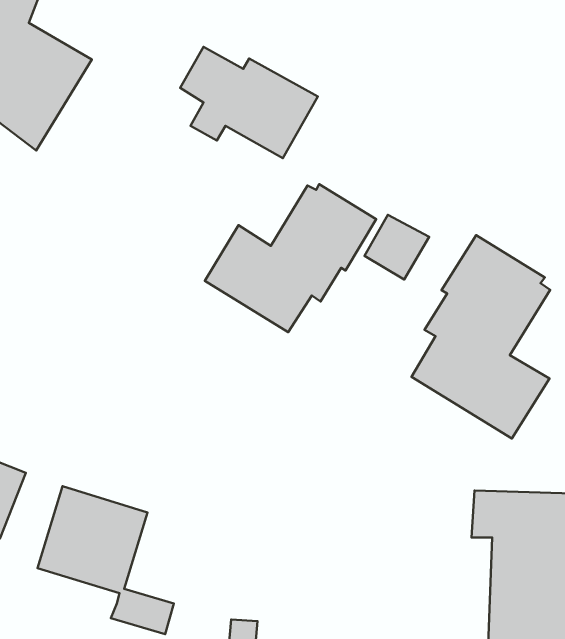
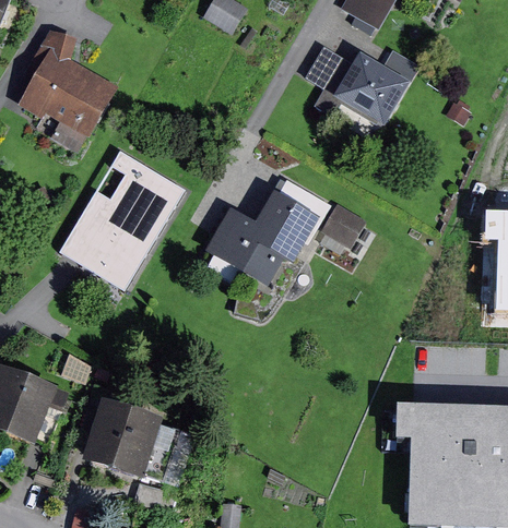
building: [180,47,318,158] -> [307,45,410,128]
building: none -> [59,146,186,287]
building: [412,235,550,438] -> none

